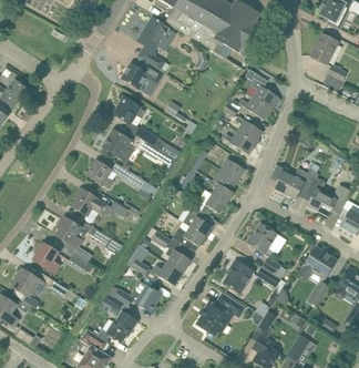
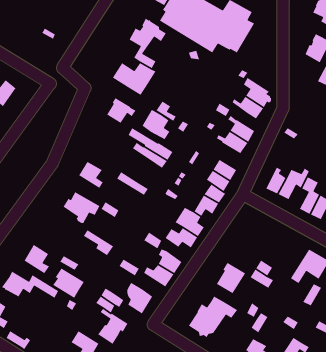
building: [102,129,131,160] -> [141,109,170,140]
building: [54,216,86,247] -> [52,267,85,299]
building: [248,222,277,254] -> none

